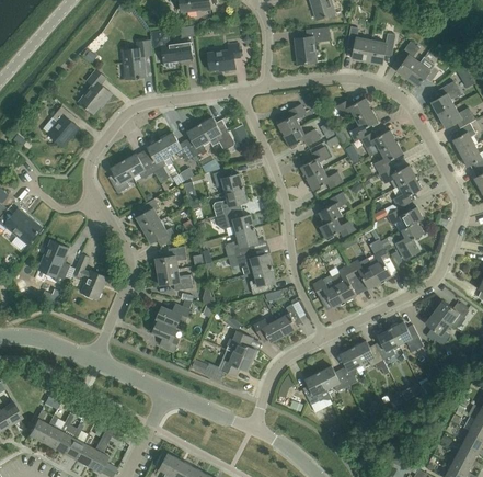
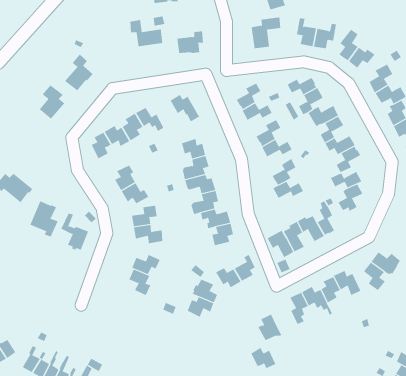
building: [123,41,151,80] -> none
building: [185,125,209,157] -> none
building: [318,366,348,391] -> [250,347,276,369]

